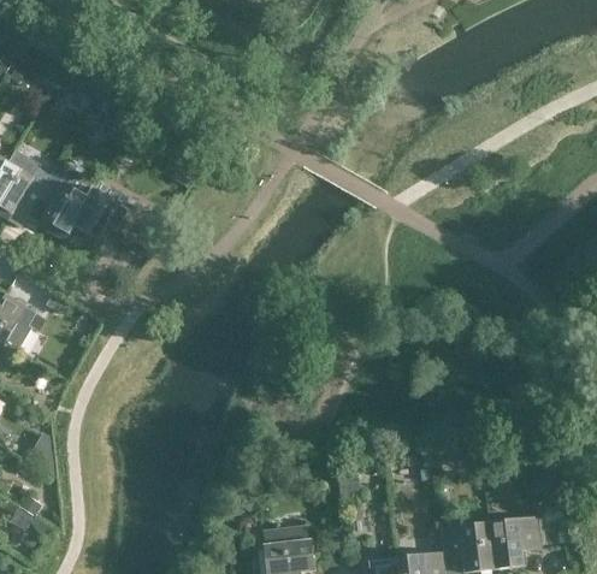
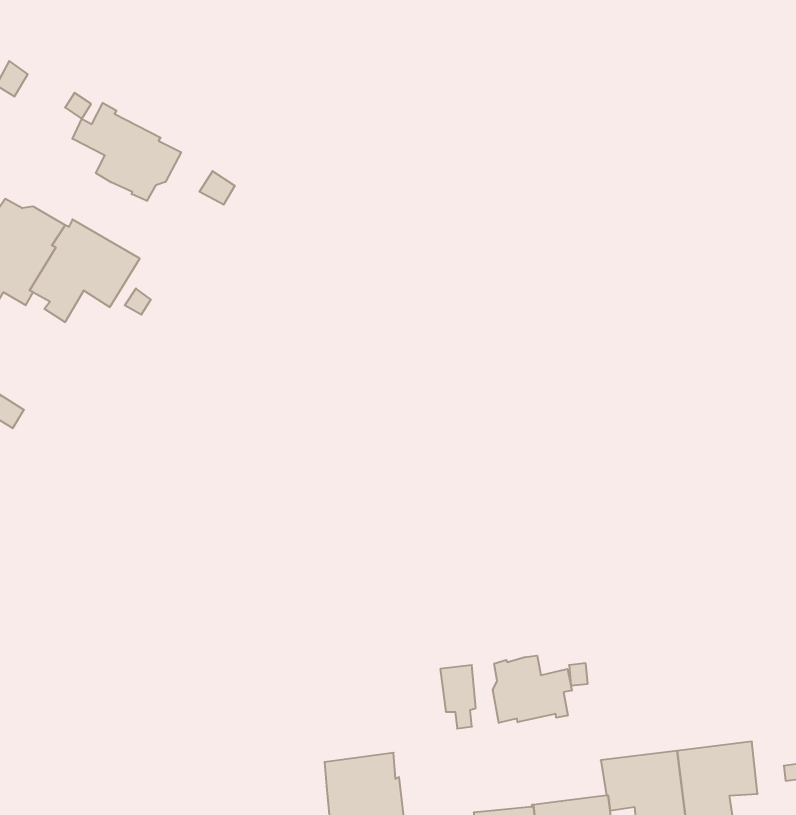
building: none -> [72,103,181,201]
building: none -> [493,656,572,723]

